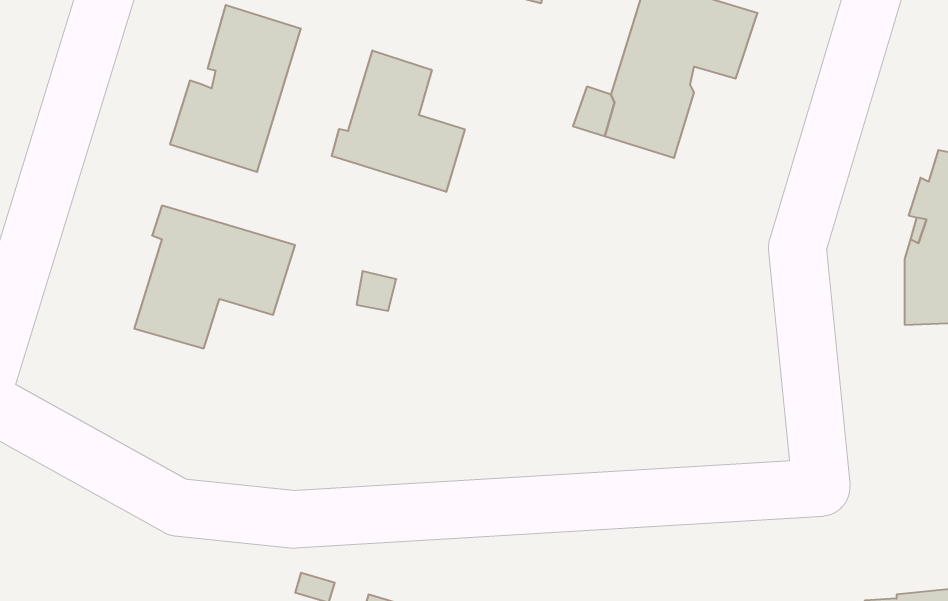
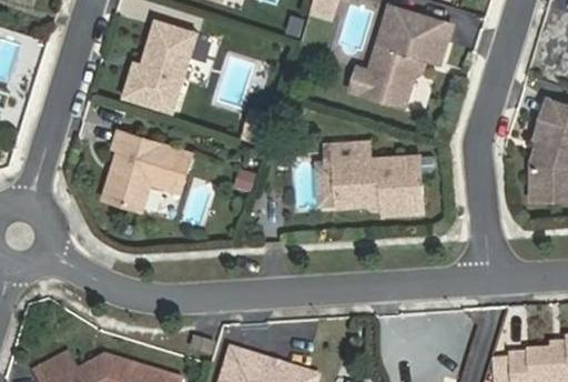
building: [332,50,465,192] -> none
building: none -> [322,140,420,214]

